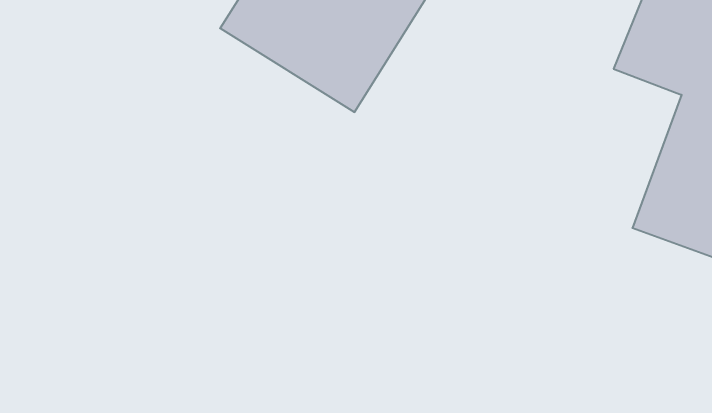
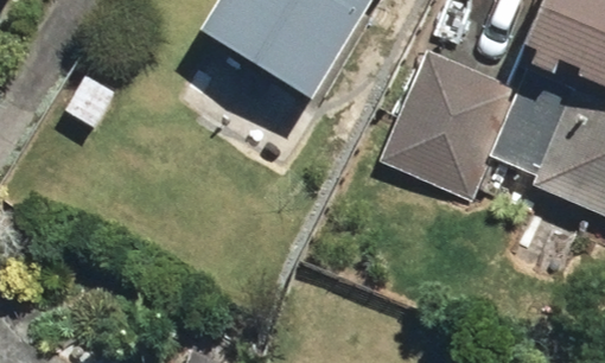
building: none -> [378,45,515,185]

